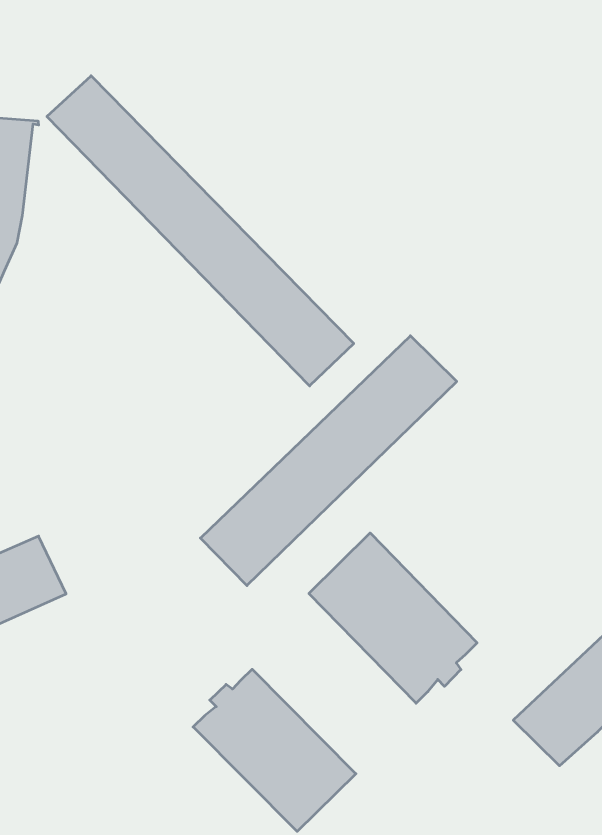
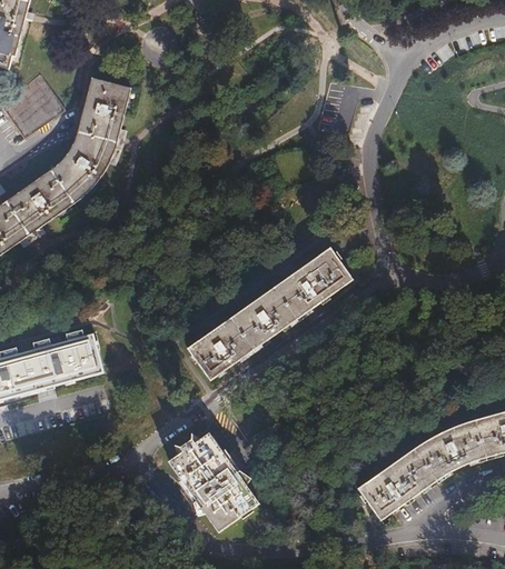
building: [47,76,354,386] -> none
building: [309,533,477,703] -> none

